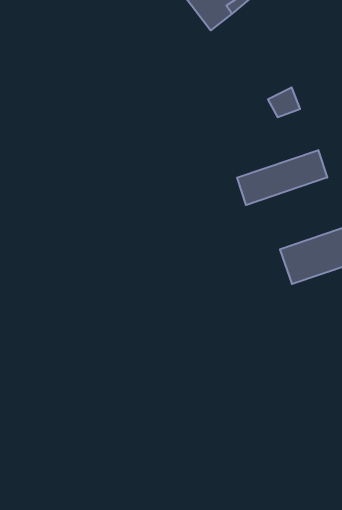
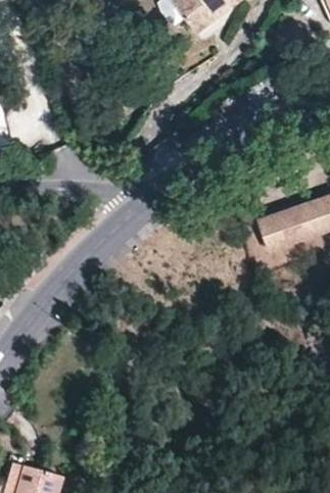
building: [237,150,327,205] -> none

